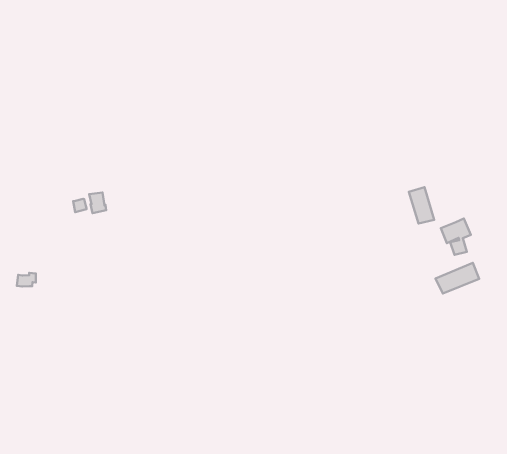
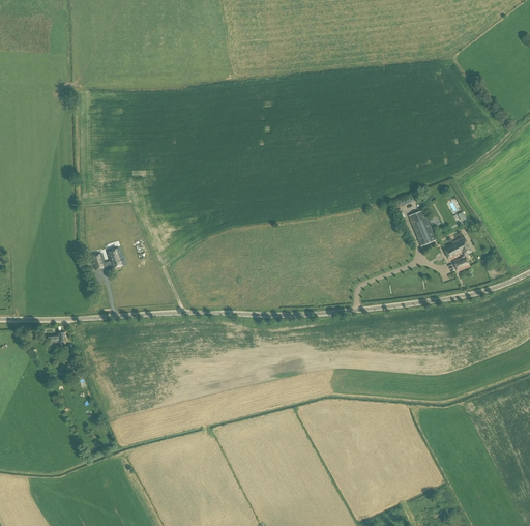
building: [436,263,479,293] -> none

